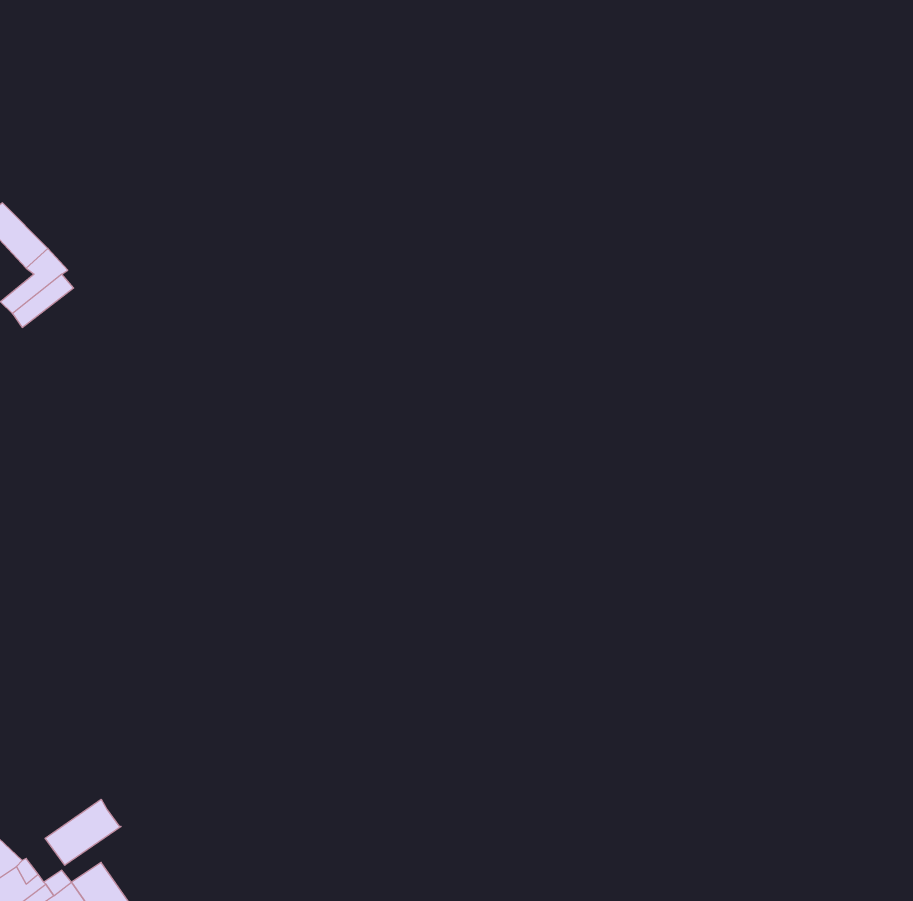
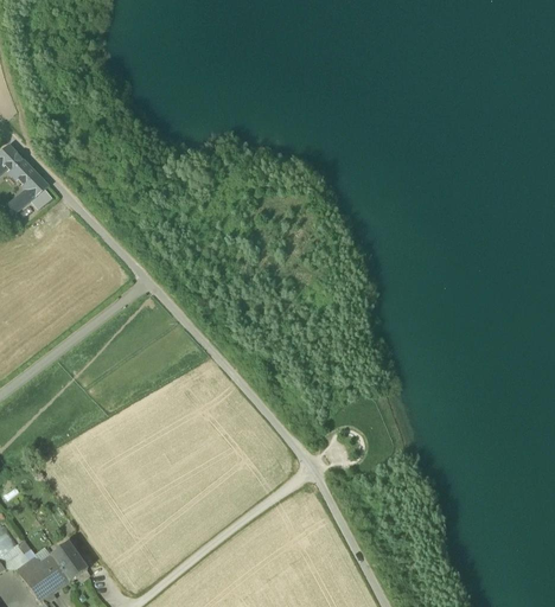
building: [45,799,121,865] -> none

